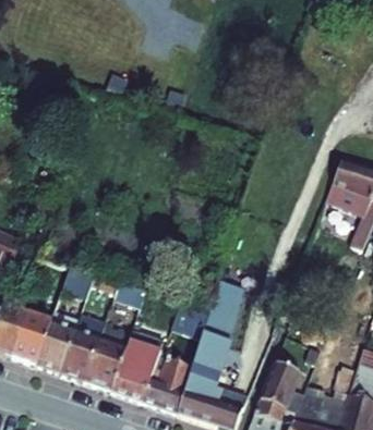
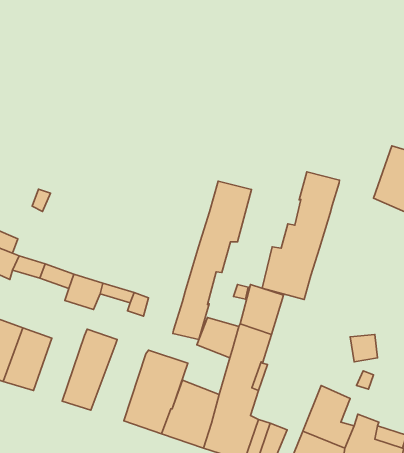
building: none -> [262,172,339,300]
building: none -> [173,181,252,340]
building: [36,309,79,371] -> none
building: [84,323,130,388] -> none

